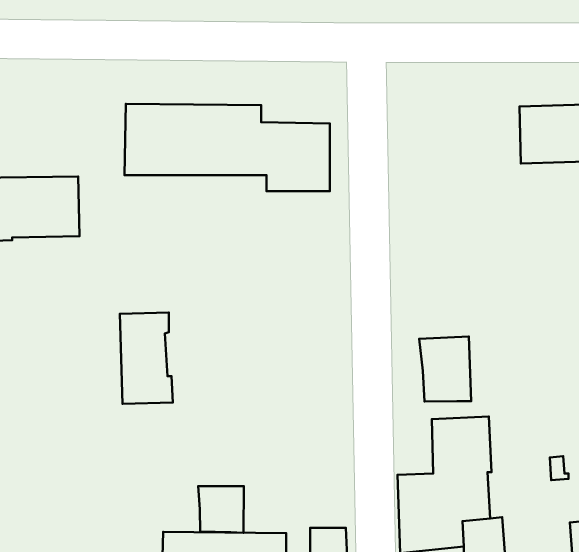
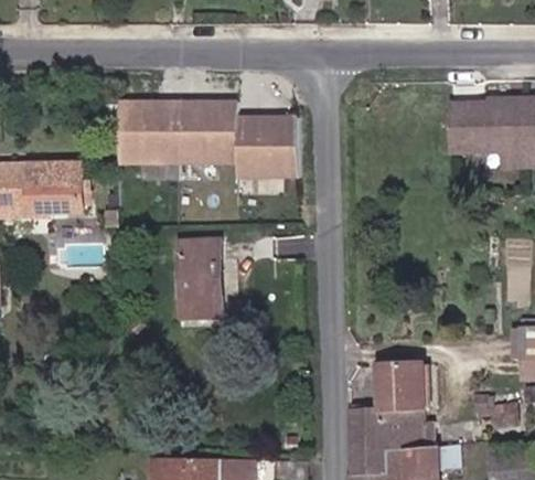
building: [120,312,173,404] -> [179,241,223,317]
building: [419,336,471,402] -> none
building: [198,486,244,533] -> none

